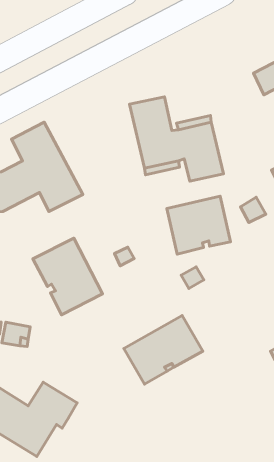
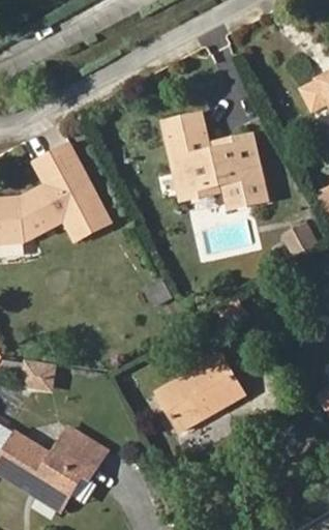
building: [167,196,231,254] -> none
building: [33,238,103,315] -> none

